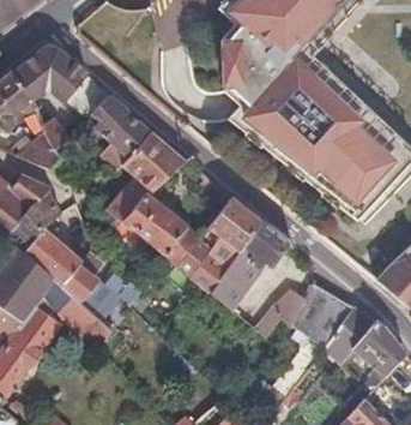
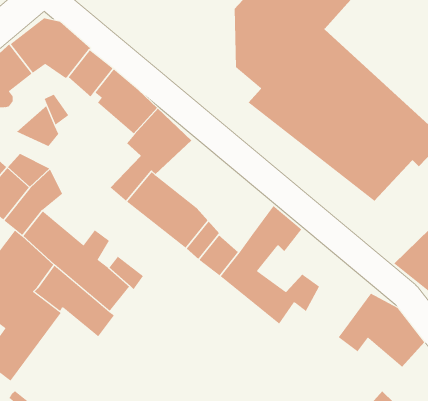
building: [208,199,261,251] -> none
building: [292,286,353,347] -> none

